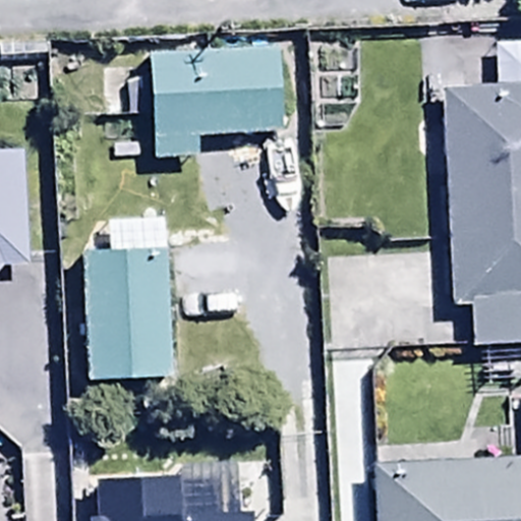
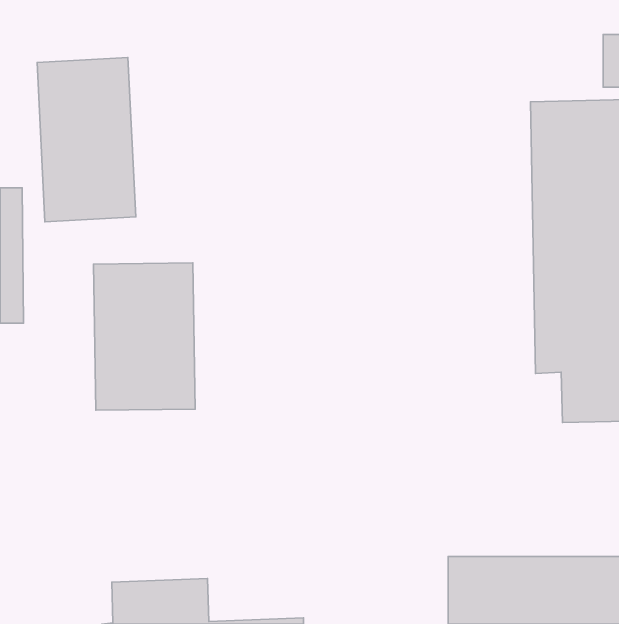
building: none -> [37,58,136,222]
building: [151,50,284,161] -> none

